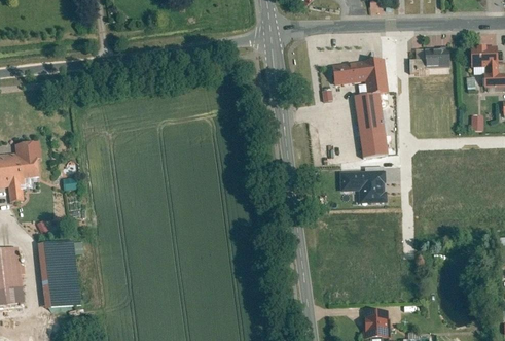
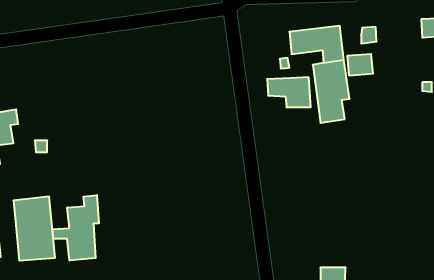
building: [425,46,453,69] -> [347,54,373,75]
building: [338,170,385,202] -> [267,77,311,107]
building: none -> [52,195,99,261]

